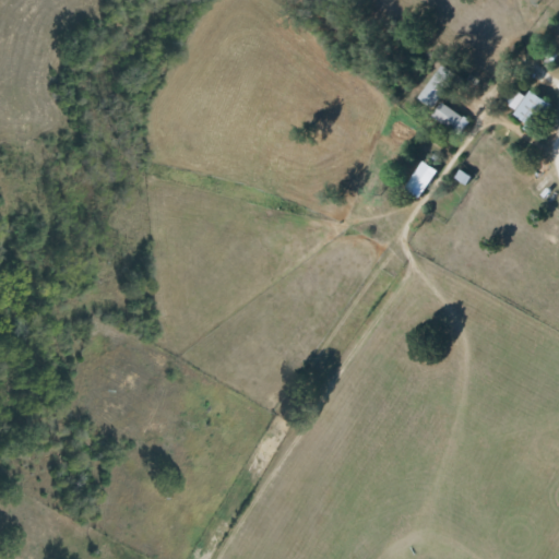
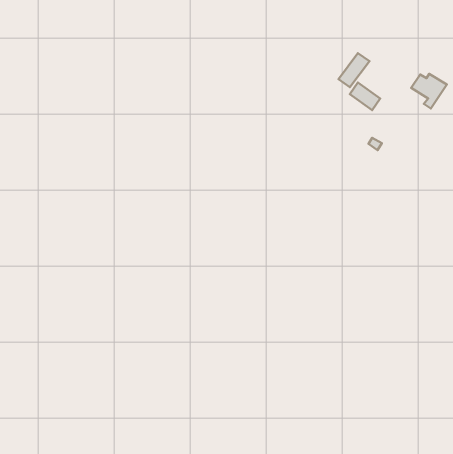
building: [403,160,437,199] -> none

